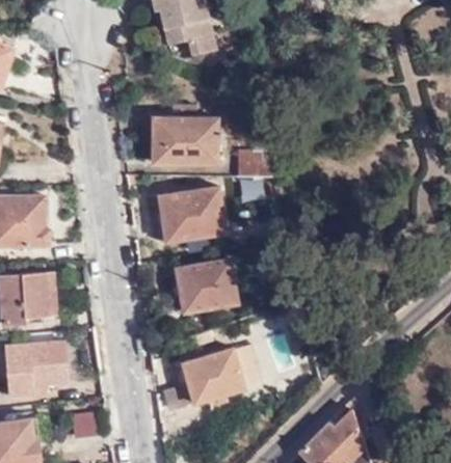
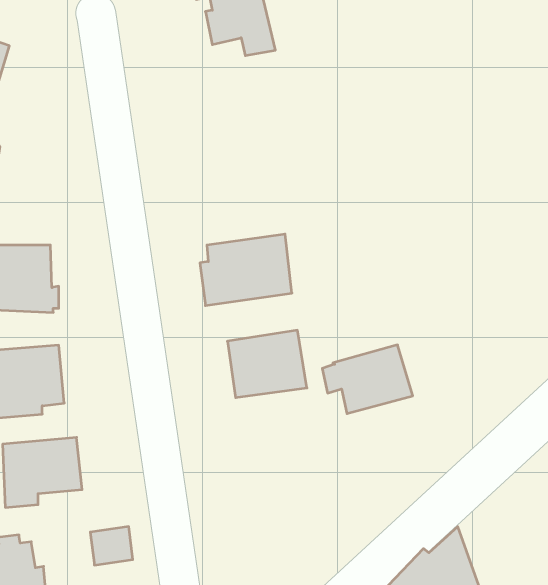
building: [153,120,217,163] -> none
building: [236,152,273,179] -> none
building: [175,350,243,402] -> [322,345,413,414]

